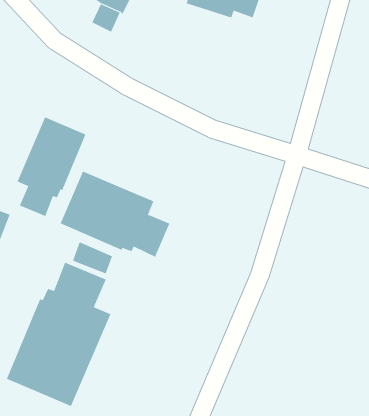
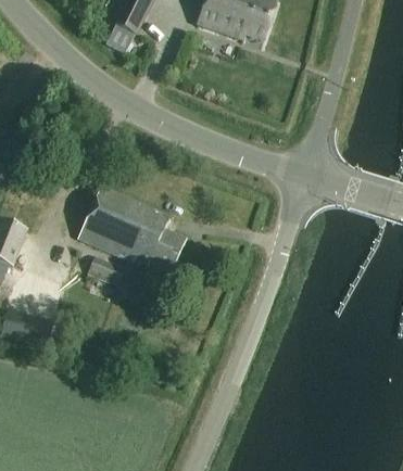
building: [17,116,86,217] -> none
building: [6,262,111,407] -> none

